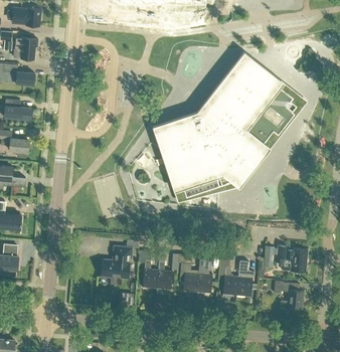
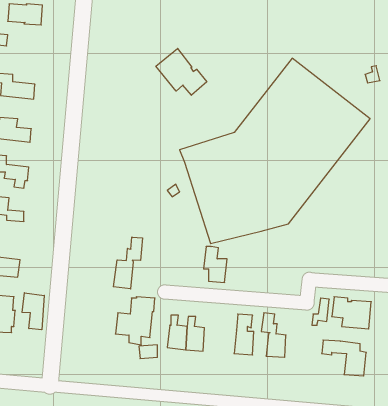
building: [13,38,37,59] -> none
building: none -> [156,48,207,95]
building: none -> [113,237,142,289]
building: none -> [22,293,44,330]
building: [237,260,254,297] -> none
building: [179,262,198,292] -> [204,247,227,282]

